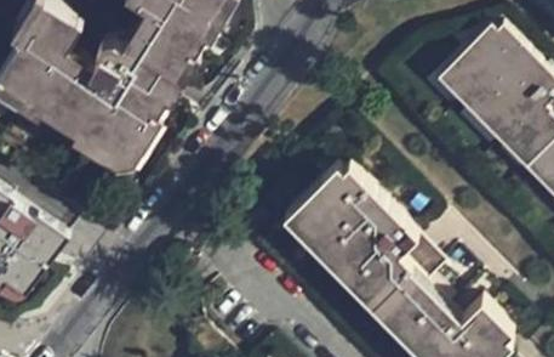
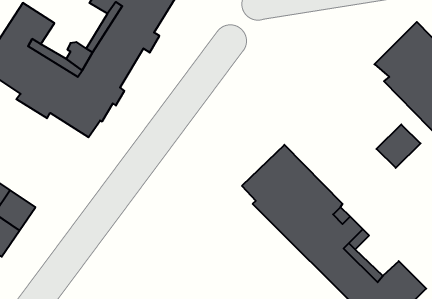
building: none -> [376,124,421,168]

